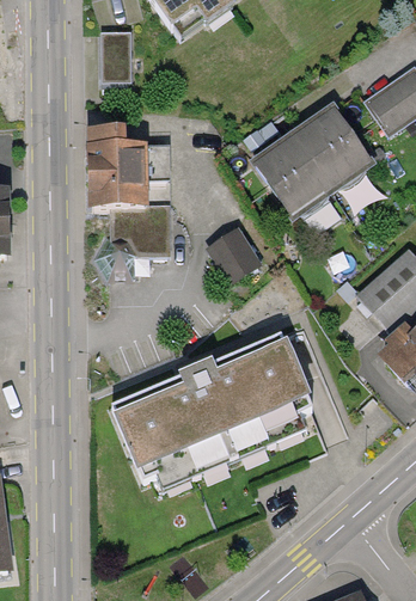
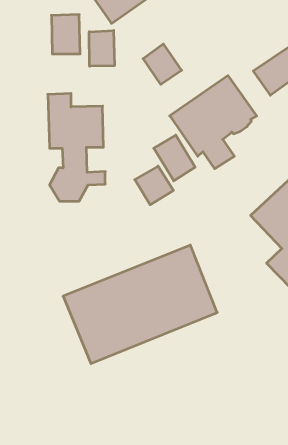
building: none -> [89,30,114,66]
building: none -> [143,44,182,84]
building: none -> [154,135,195,181]

